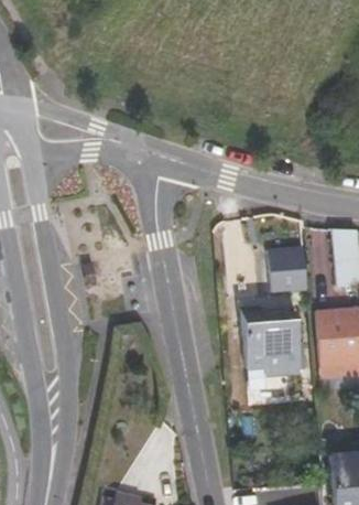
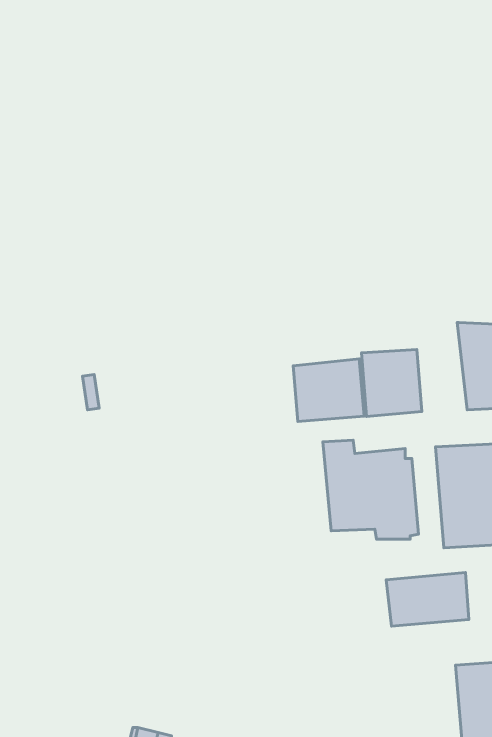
building: none -> [293,359,364,421]
building: none -> [386,573,469,626]

